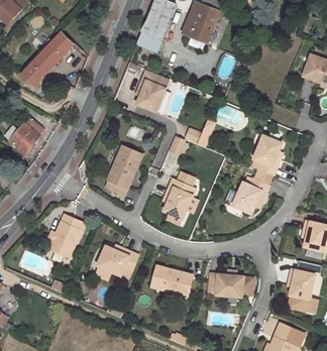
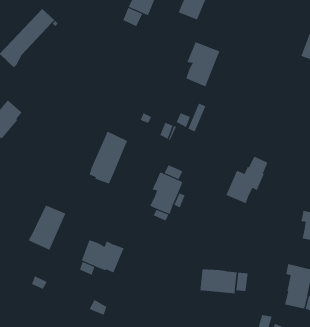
building: [136,70,169,112] -> [185,41,220,87]
building: [253,135,282,174] -> none
building: [151,265,193,296] -> none

